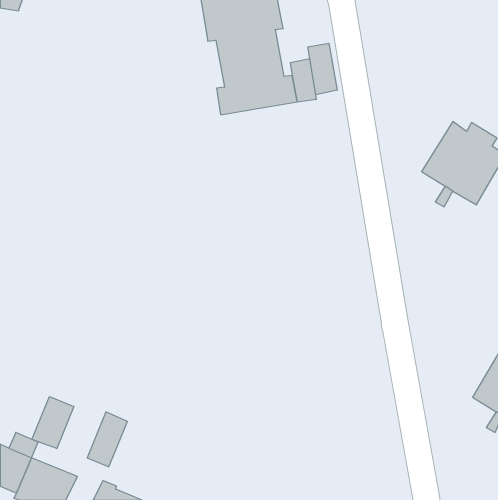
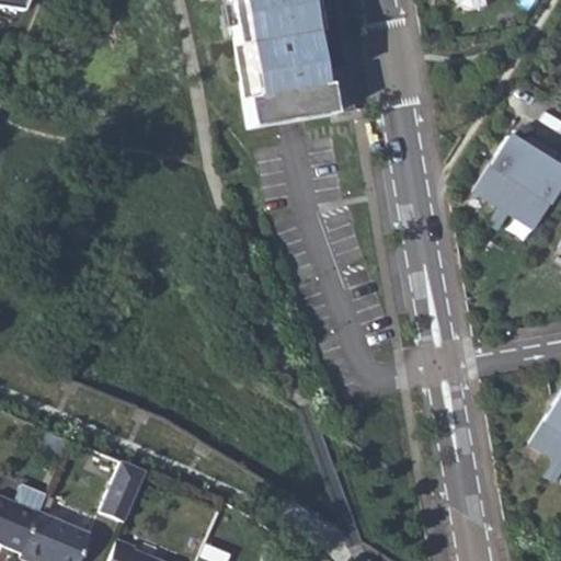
building: [308,43,337,95] -> none
building: [32,397,74,449] -> none

